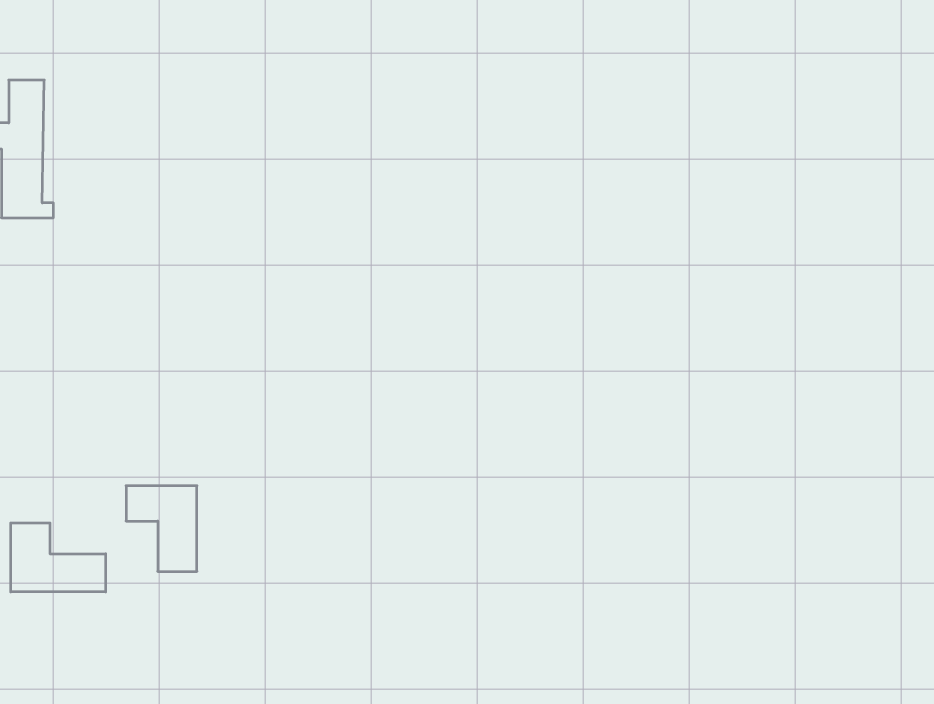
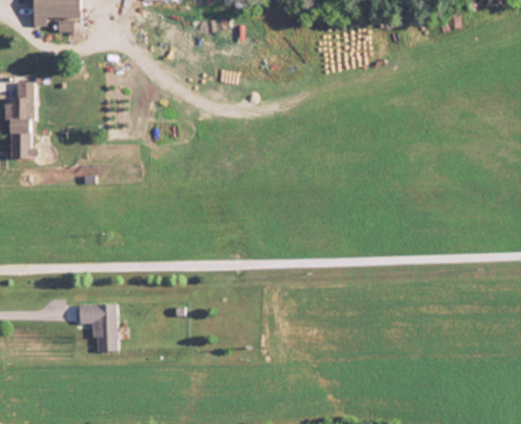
building: [11,523,106,592] -> none

